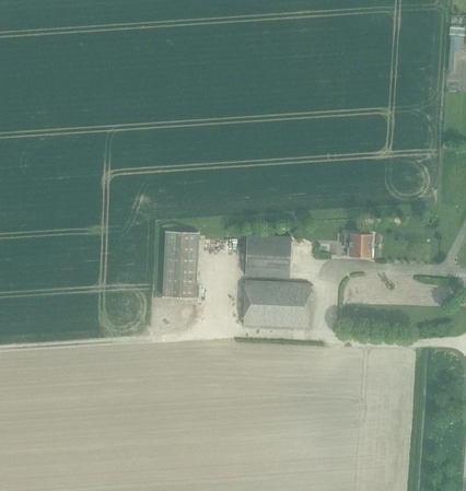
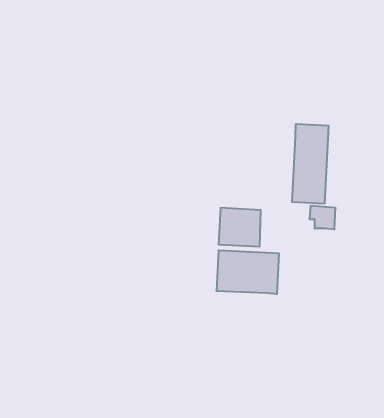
building: none -> [292,124,328,204]
building: [161,230,198,297] -> none

